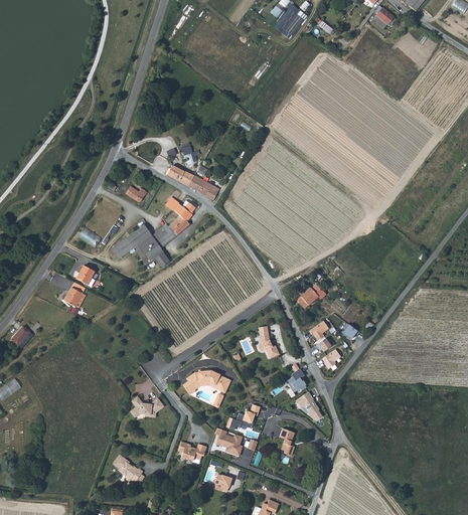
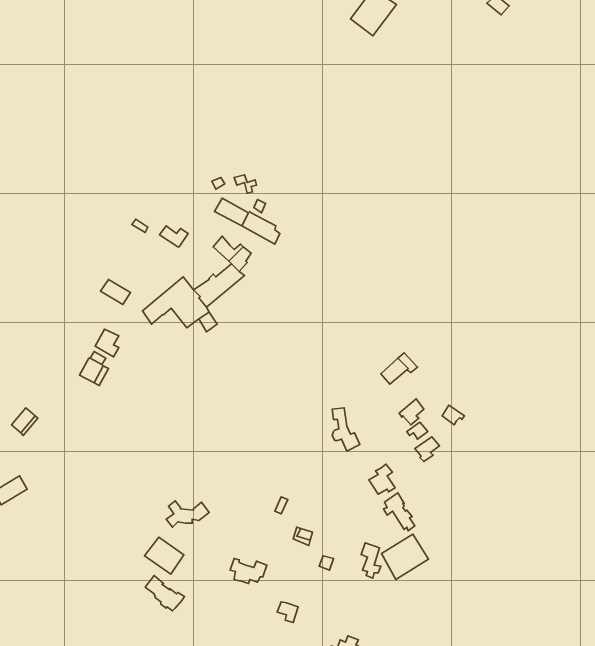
building: [183,370,230,394] -> none
building: none -> [382,534,429,579]
building: none -> [145,537,184,574]
building: [215,427,246,455] -> none

